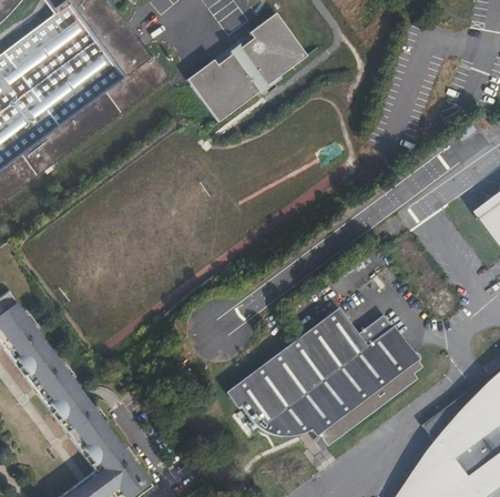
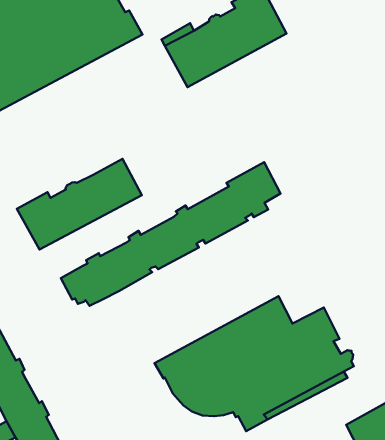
building: none -> [61,162,281,306]
building: none -> [17,159,142,250]

